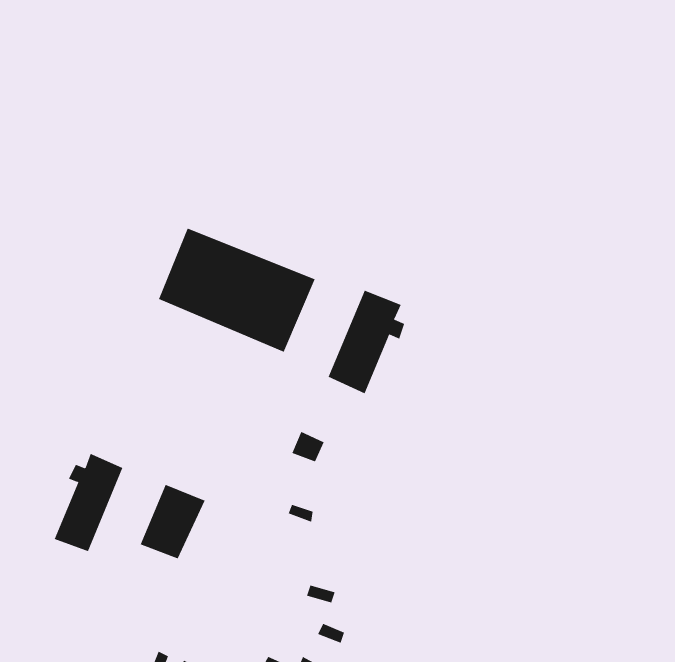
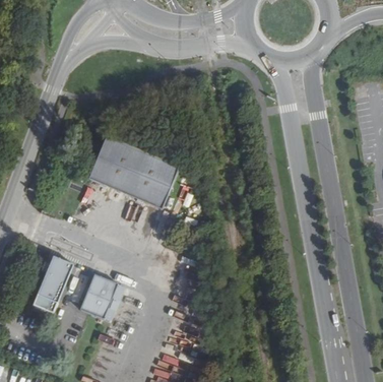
building: [328,290,405,394] -> none

